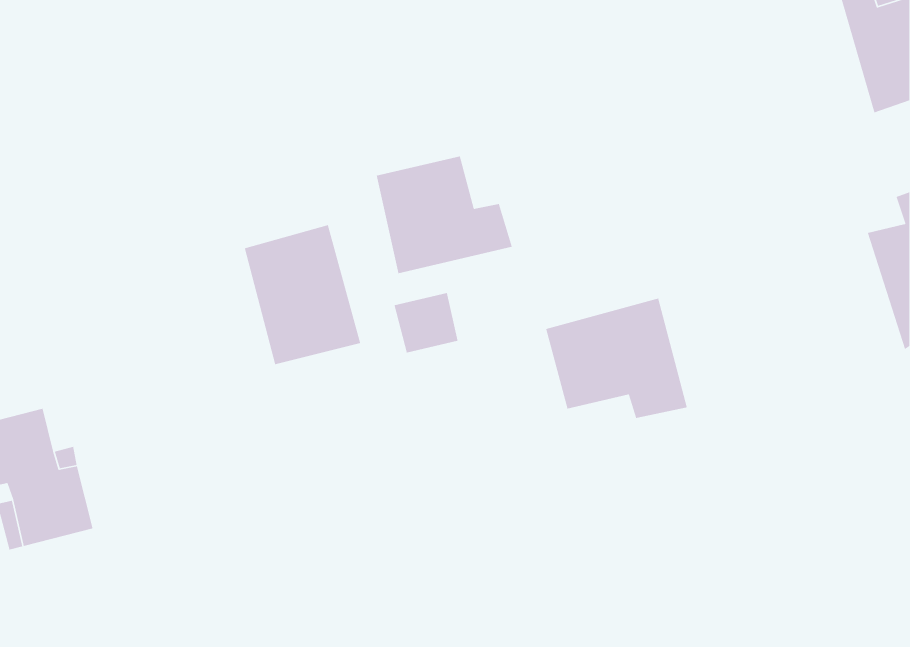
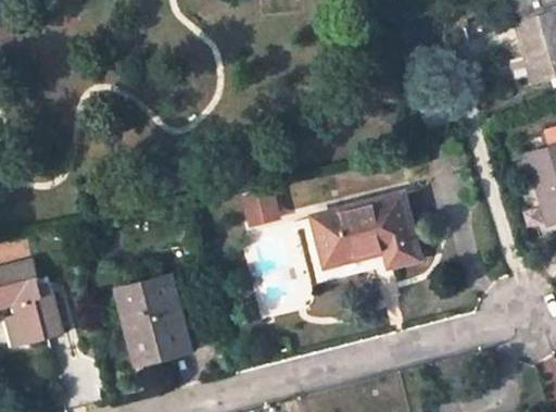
building: [376,156,513,274] -> none
building: [244,224,361,365] -> [118,276,189,361]
building: none -> [312,213,346,266]

